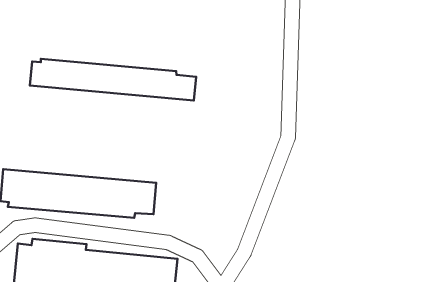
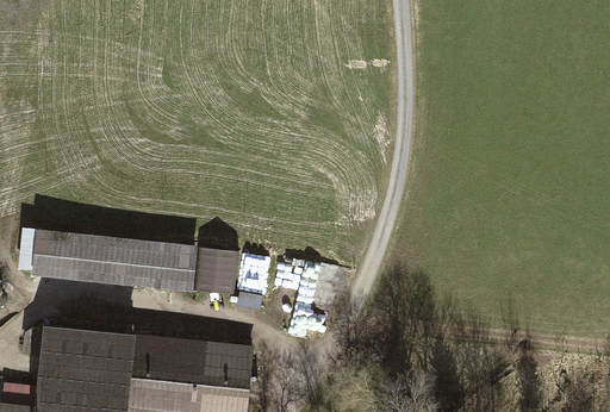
building: [30,59,196,100] -> none

